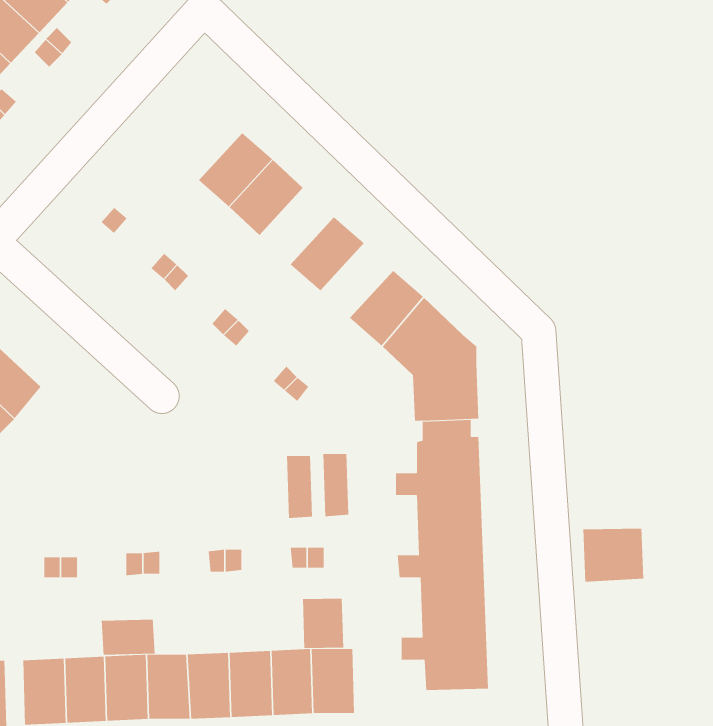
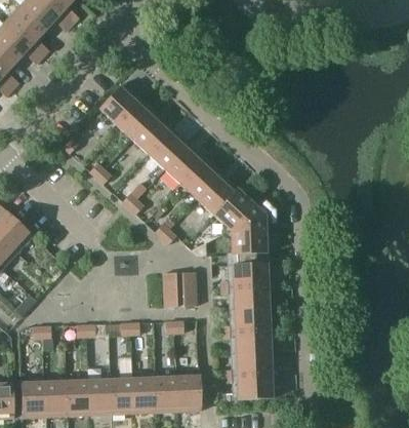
building: none -> [99,83,139,124]
building: none -> [149,128,189,169]
building: none -> [181,158,220,198]
building: [583,528,644,583] -> none
building: [302,598,344,649] -> none
building: [101,619,155,656] -> none

